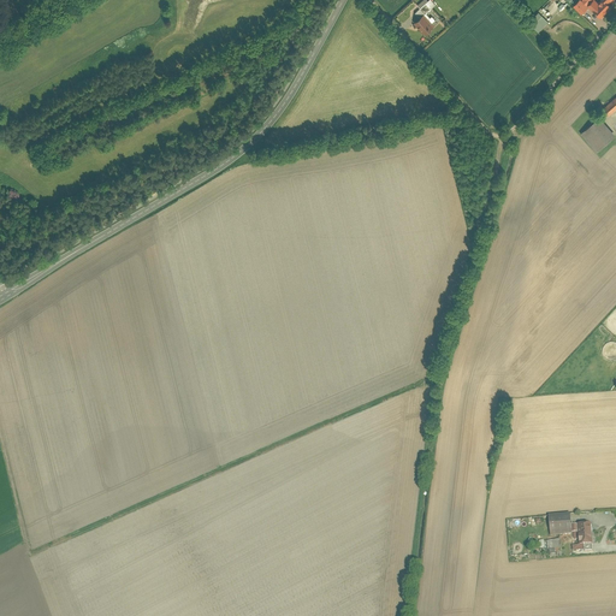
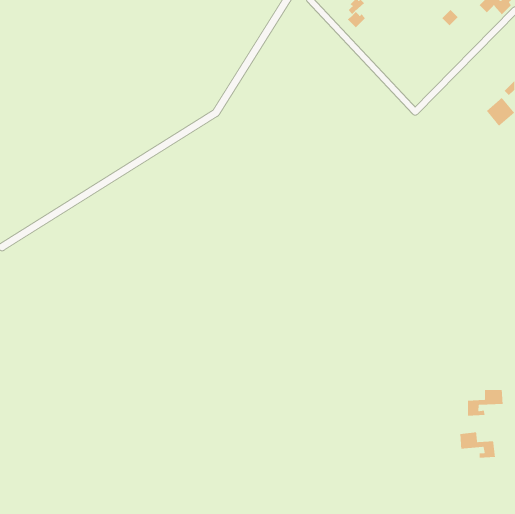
building: none -> [467,389,503,417]

